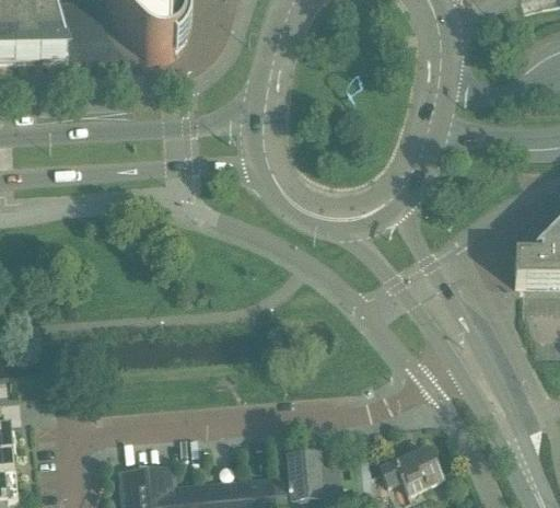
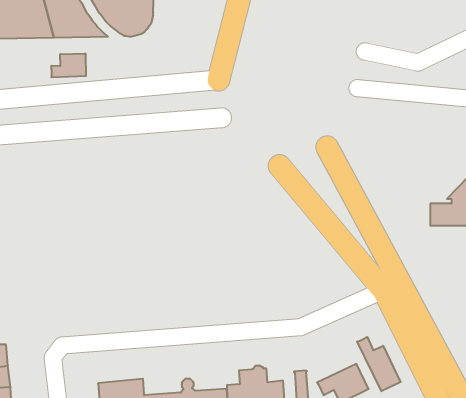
building: none -> [51,53,86,77]
building: none -> [357,337,401,391]

